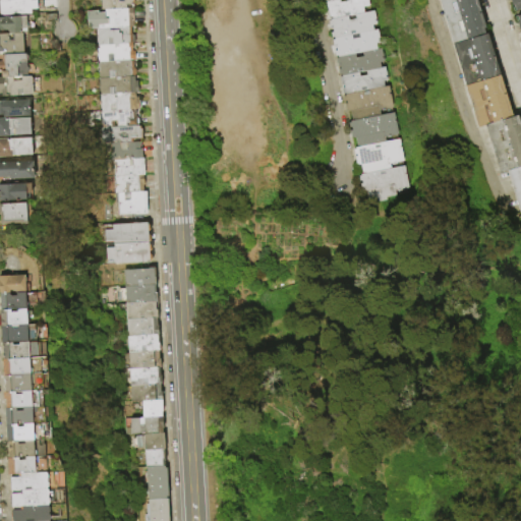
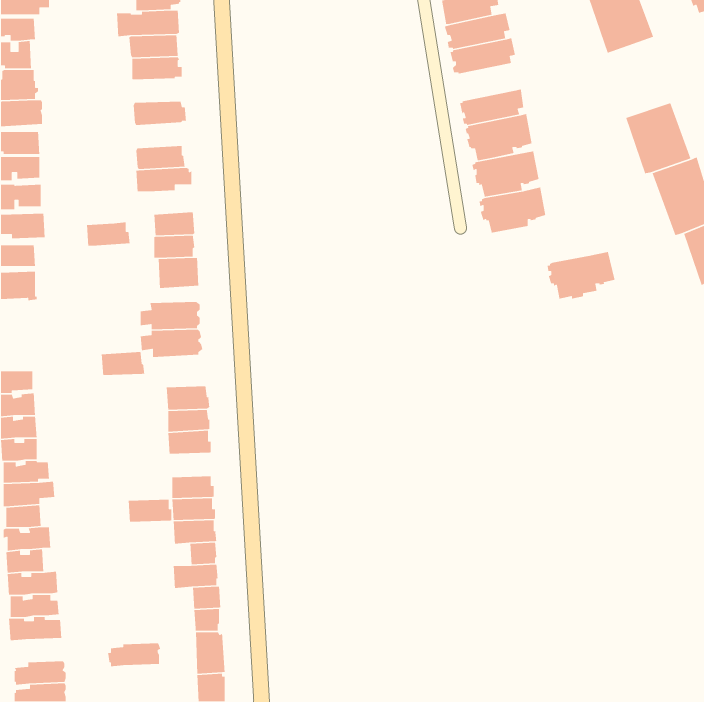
building: [448,33,496,83] -> none
building: [336,46,385,74] -> none
building: [100,58,137,75] -> none
building: [101,91,140,109] -> none
building: [111,139,143,158] -> [86,222,130,246]
building: [359,164,410,199] -> [546,251,616,299]
building: [123,267,156,285] -> [101,351,145,376]
building: [126,334,159,351] -> [128,499,172,522]
building: [10,470,50,488] -> [107,642,161,667]

